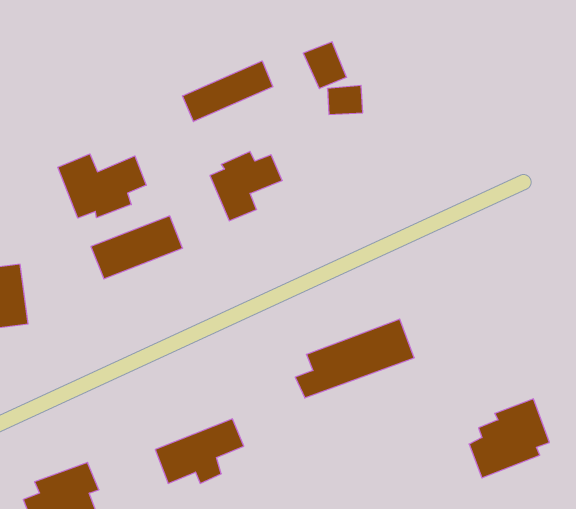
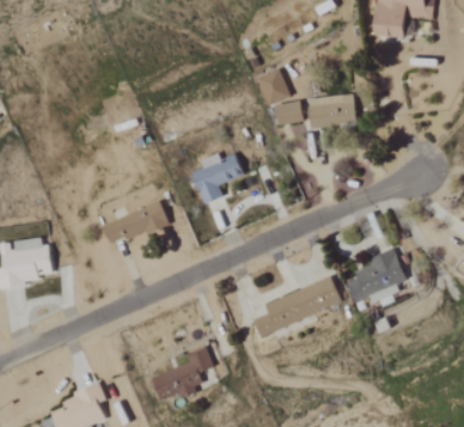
building: [183,61,273,122] -> none
building: none -> [306,93,355,128]
building: [58,154,146,218] -> none
building: [469,399,549,478] -> [346,248,405,306]

